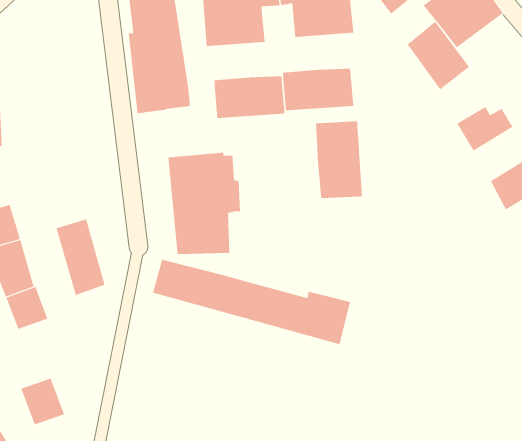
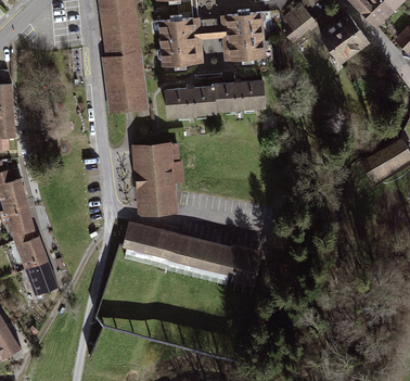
building: [407,21,470,90] -> none
building: [456,106,513,151] -> none
building: [316,121,363,199] -> none
building: [56,218,105,296] -> none
building: [20,378,65,425] -> [26,261,57,294]

